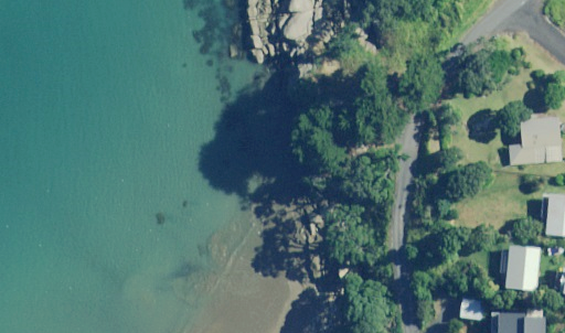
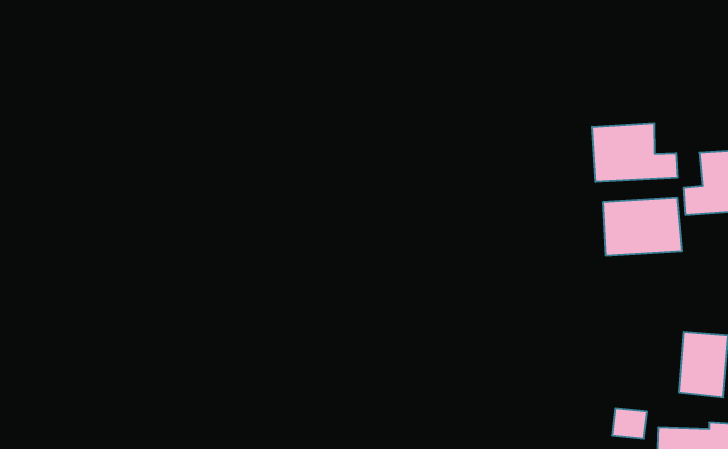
building: none -> [592,123,677,182]
building: none -> [603,198,682,256]

